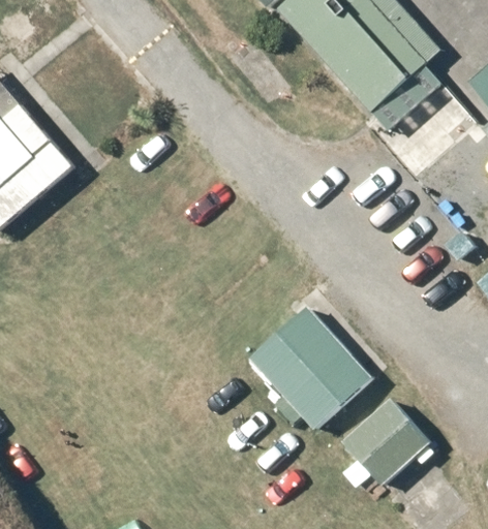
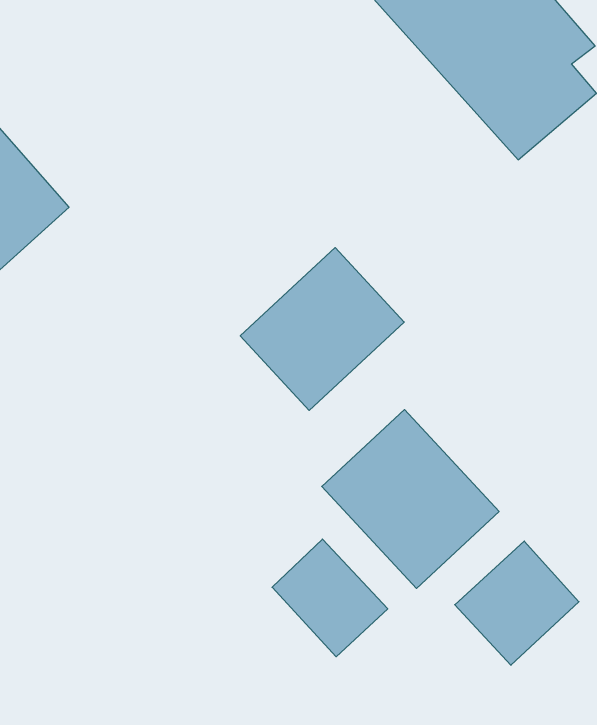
building: none -> [240,248,404,410]
building: none -> [272,539,388,657]

